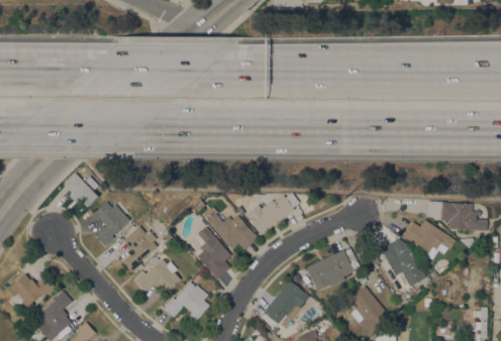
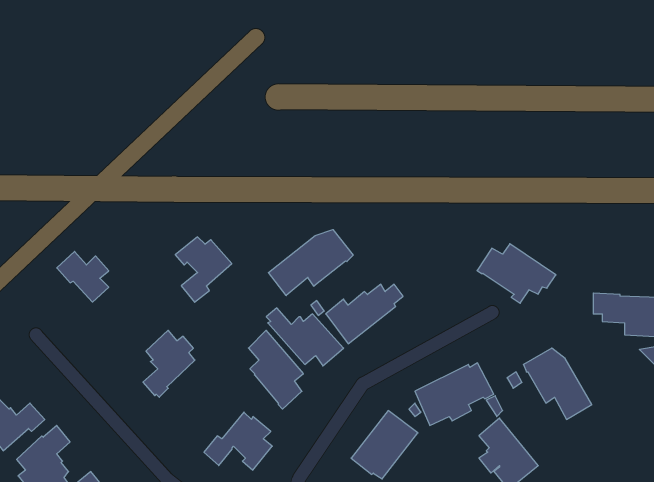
building: none -> [268,230,353,296]
building: [91,202,129,246] -> [175,237,232,302]
building: [402,219,456,259] -> [477,244,556,303]
building: [134,259,180,293] -> none

